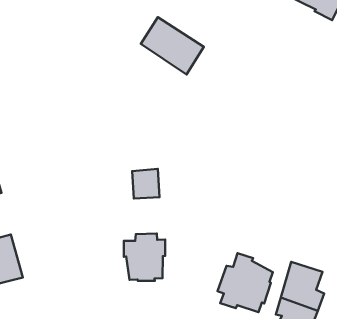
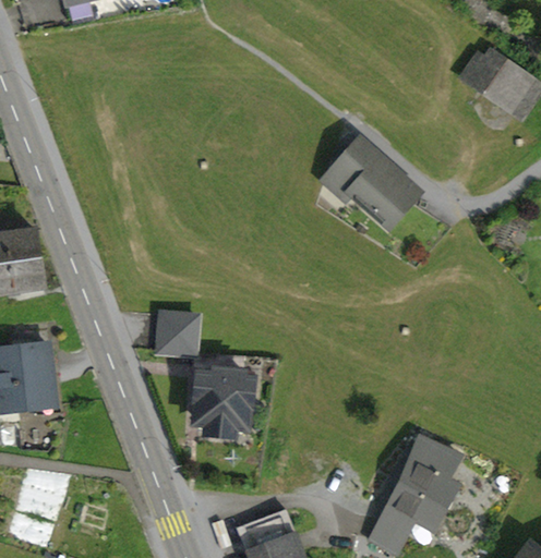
building: [141,17,204,75] -> [332,143,416,226]
building: [132,169,160,198] -> [158,315,196,355]
building: [218,253,273,312] -> none

